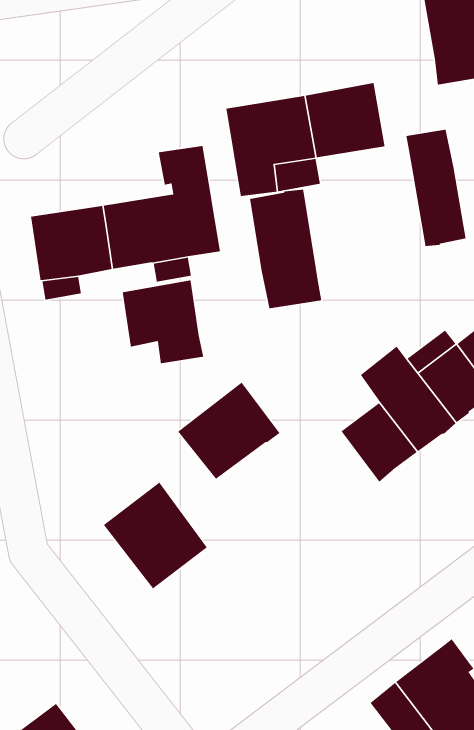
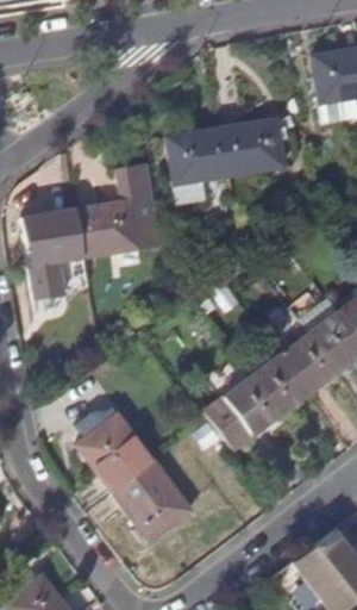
building: [405,129,467,247] -> none
building: [249,189,322,309] -> none
building: [122,280,204,364] -> none
building: [177,381,280,480] -> [205,375,281,448]
building: none -> [114,461,192,540]

